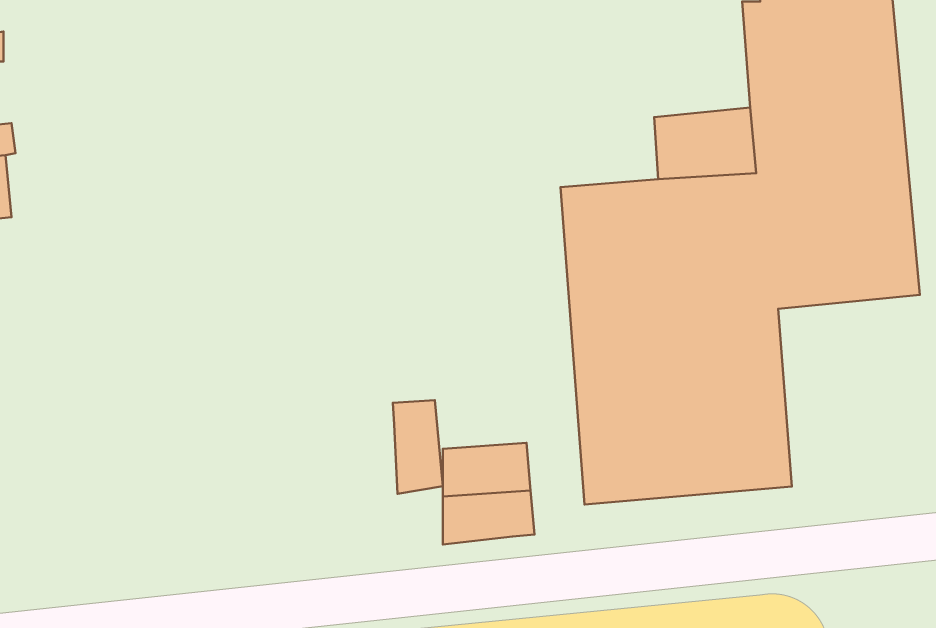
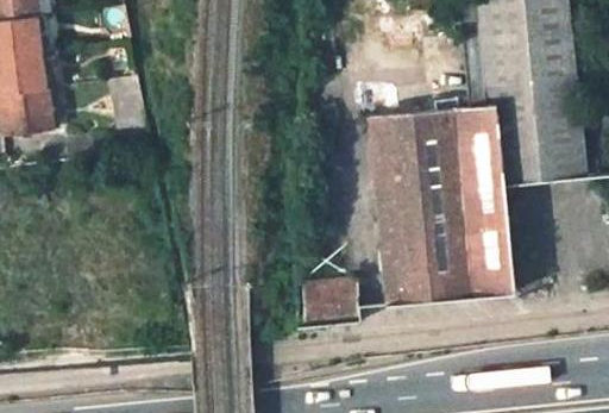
building: [393,400,443,494] -> none

